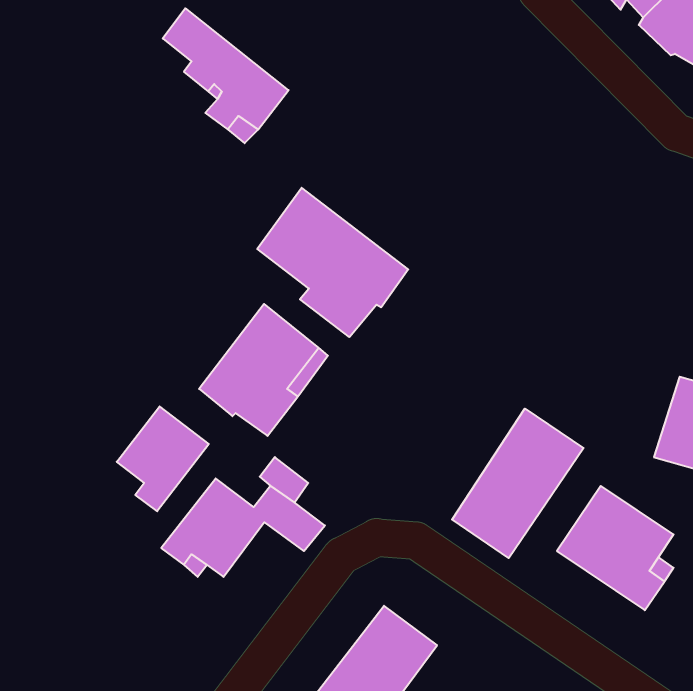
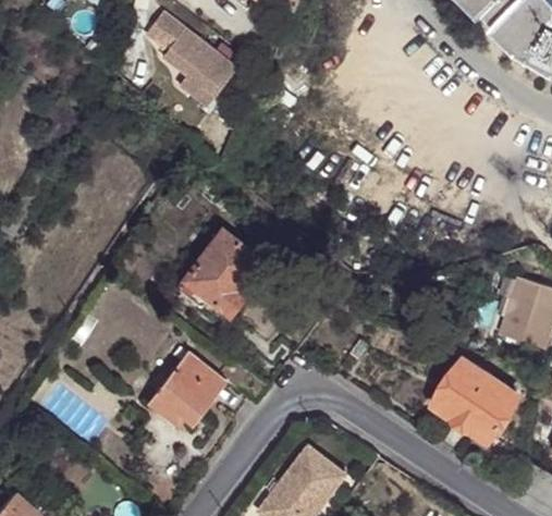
building: [257,188,408,337] -> none
building: [117,406,209,511] -> none
building: [452,409,584,558] -> none

